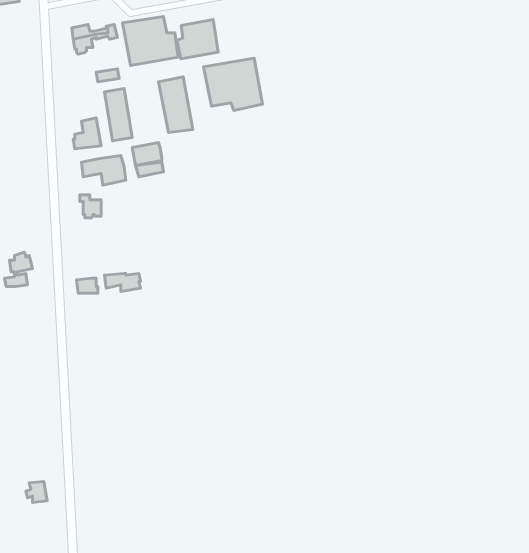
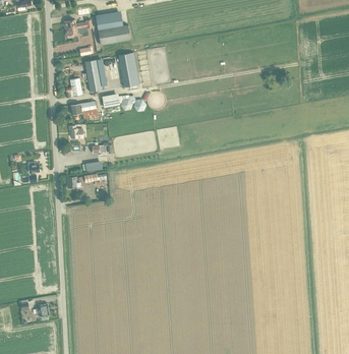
building: [177,20,218,59] -> none
building: [203,58,263,110] -> none

